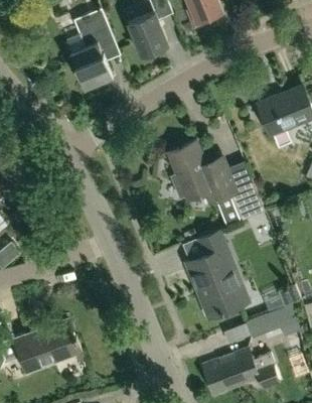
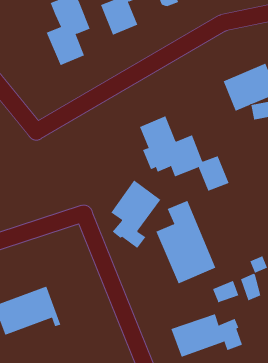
building: none -> [111,179,161,249]

